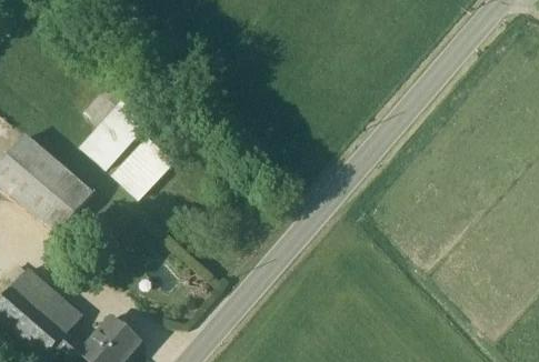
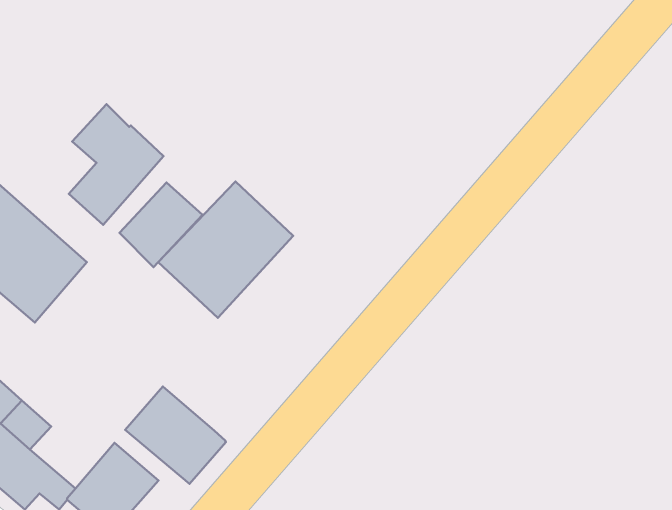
building: none -> [158,181,293,318]
building: none -> [125,387,226,484]

